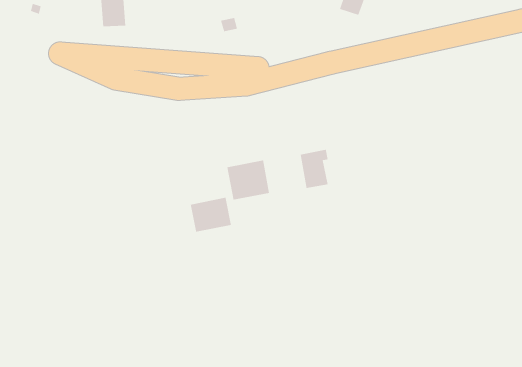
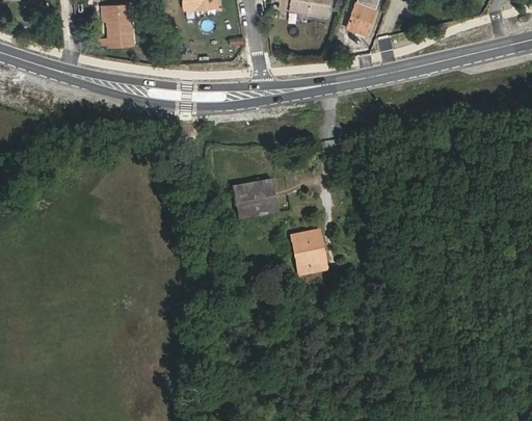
building: [300,149,329,188] -> [292,230,321,269]
building: [190,197,231,233] -> none

